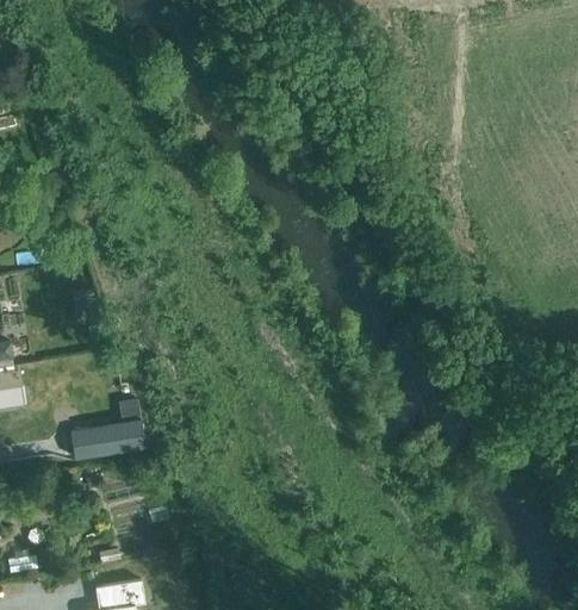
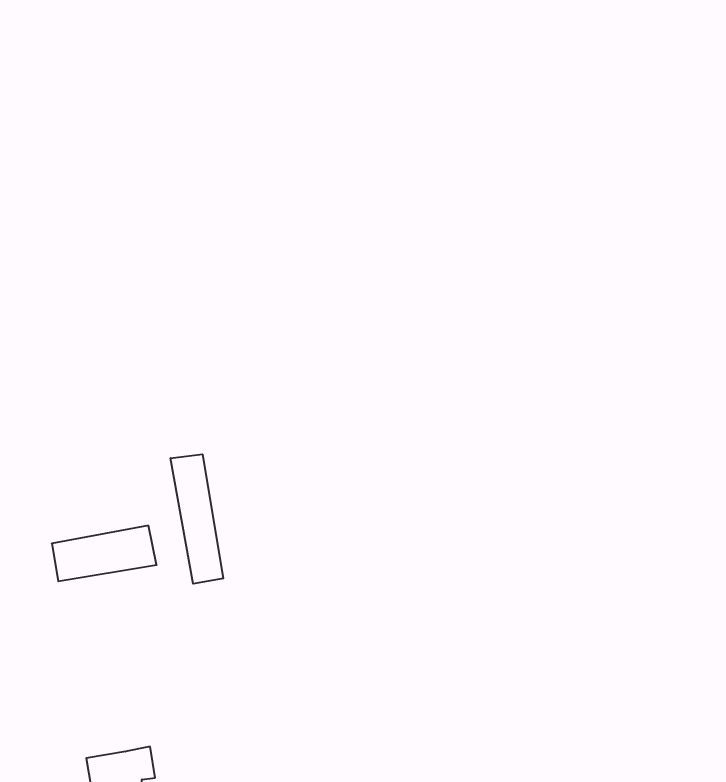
building: none -> [171,454,223,584]

